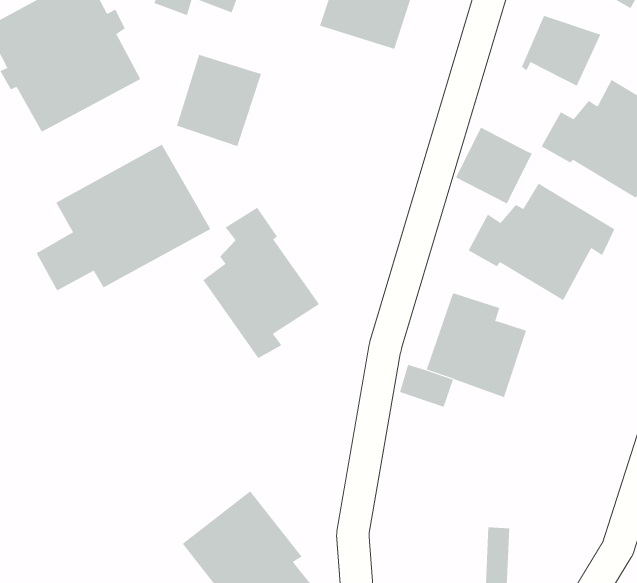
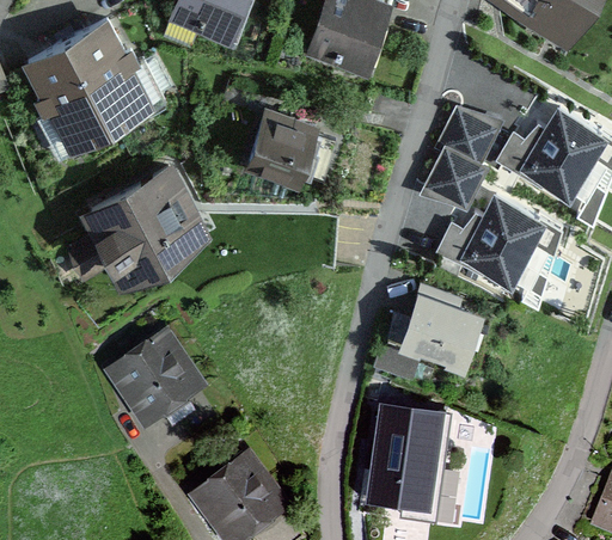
building: [521,15,601,87] -> [434,103,502,164]
building: [176,54,262,147] -> [244,109,317,188]
building: [202,207,320,359] -> none
building: none -> [106,333,216,442]
building: none -> [371,411,446,516]

